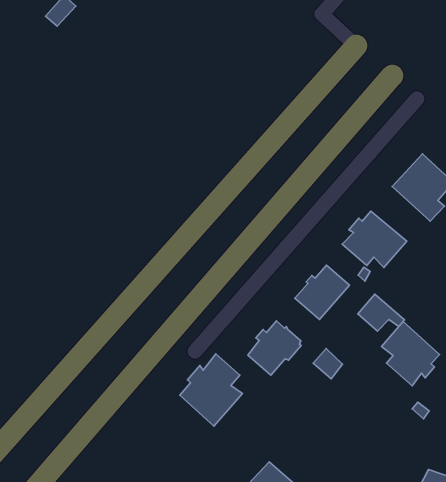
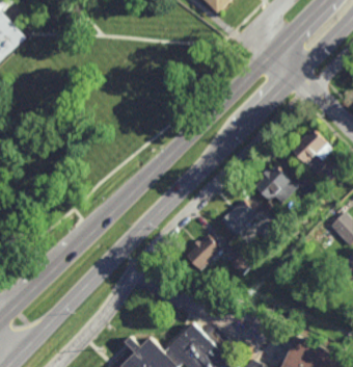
building: [381,321,439,386] -> none
building: [180,354,242,426] -> none

